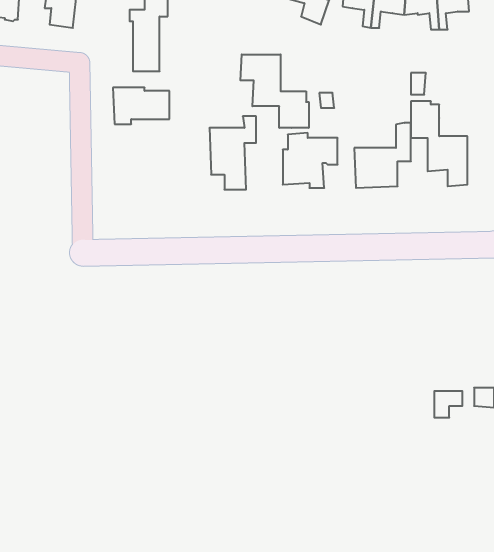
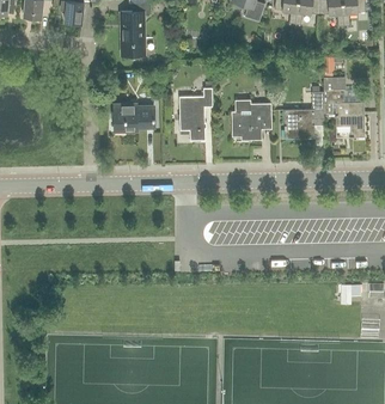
building: [240,54,309,128] -> none
building: [113,88,169,124] -> [112,104,153,130]

